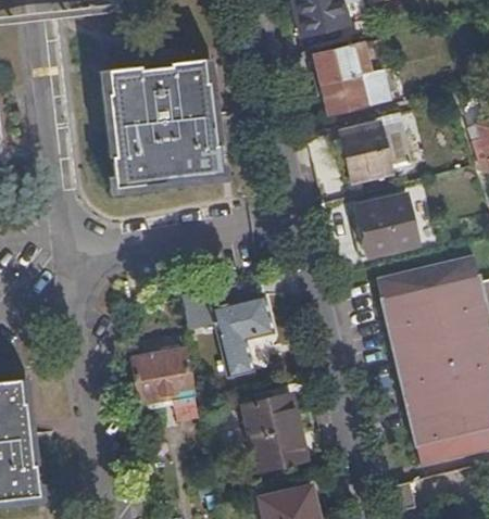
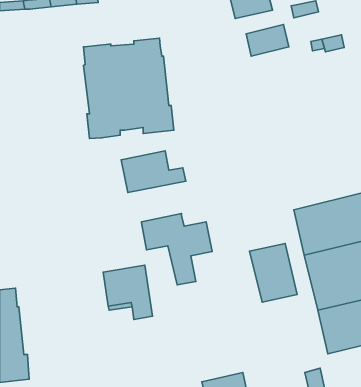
building: [323,69,392,115] -> none
building: [336,113,413,178] -> none
building: [352,195,419,261] -> none
building: none -> [121,151,186,193]
building: [244,397,305,472] -> [249,243,297,302]

